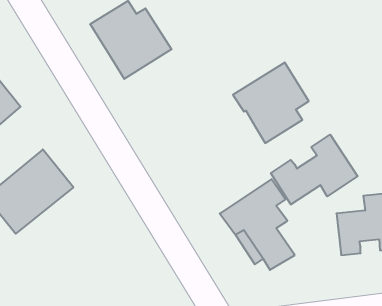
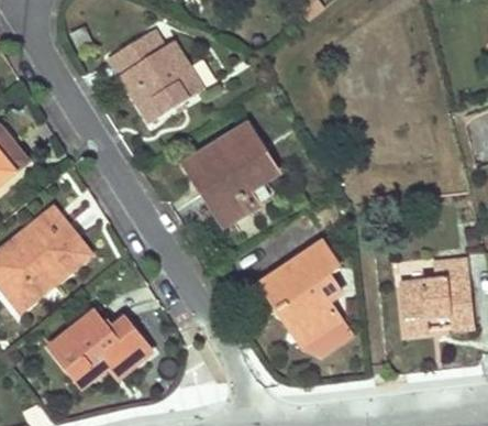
building: [233,62,309,143] -> [187,124,277,220]
building: [271,135,358,205] -> none
building: none -> [52,312,149,375]

